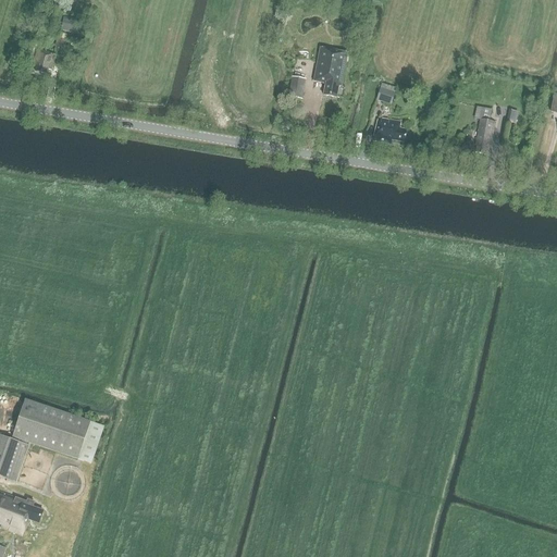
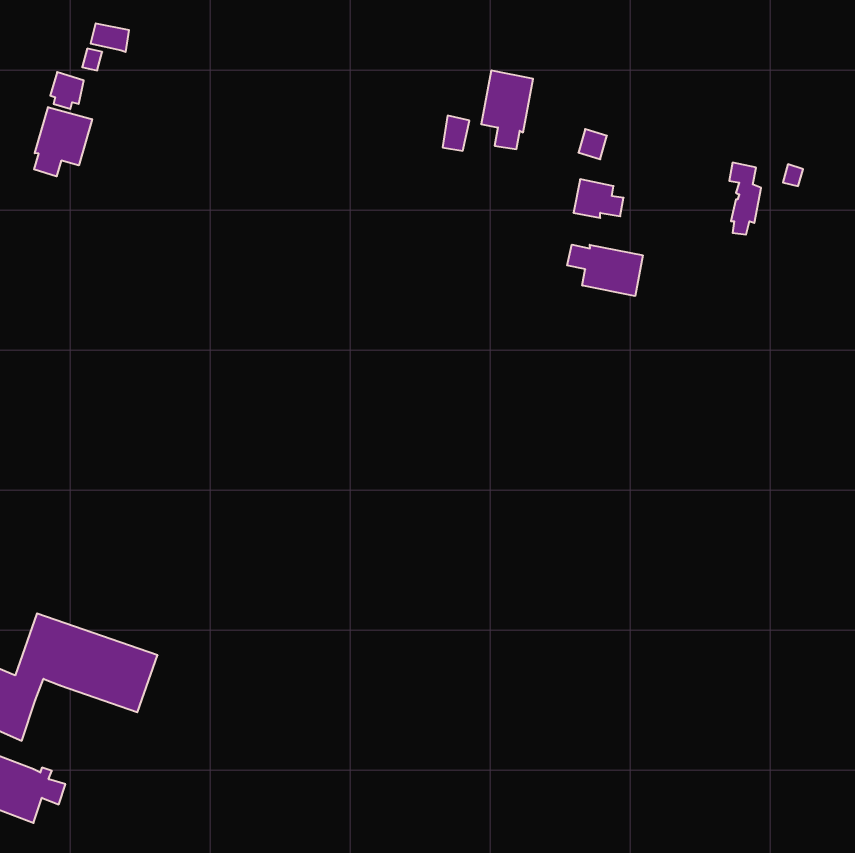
building: none -> [34,107,92,176]
building: none -> [567,245,643,296]

